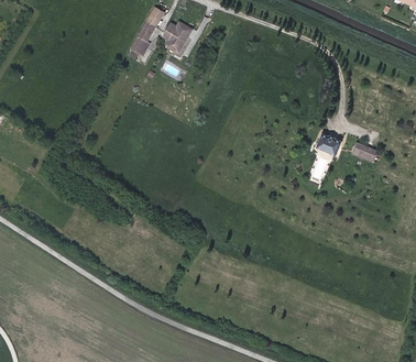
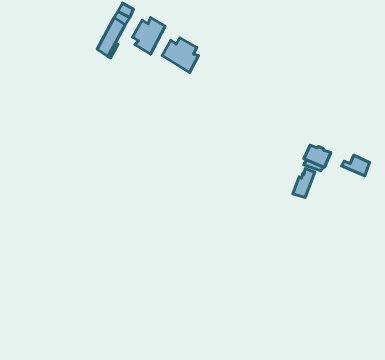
building: none -> [162,38,199,73]

